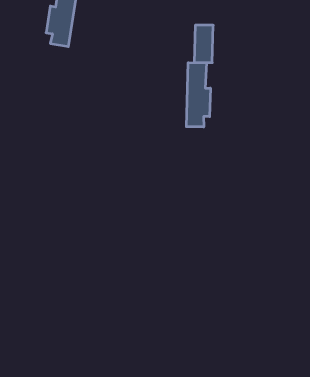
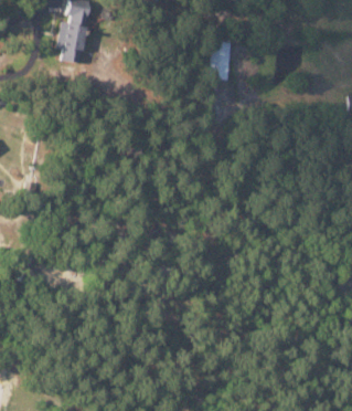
building: [186,63,210,127] -> none

